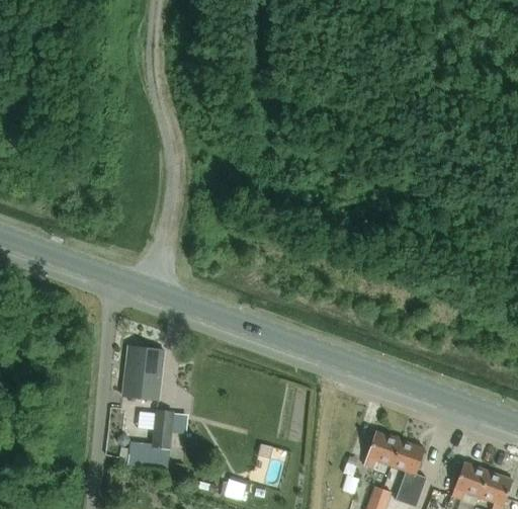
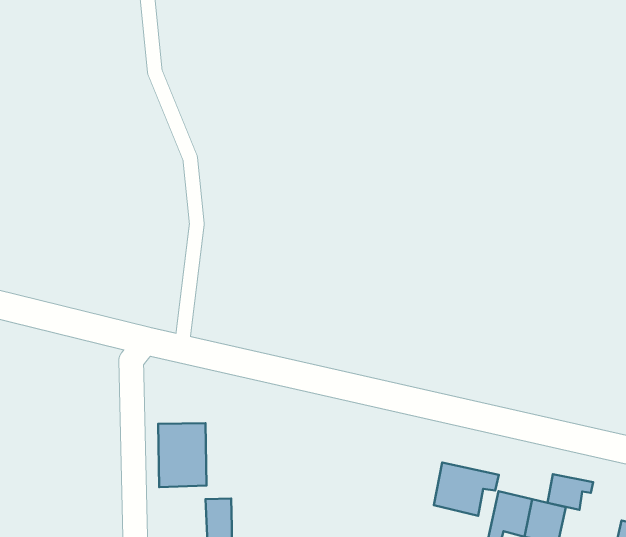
building: none -> [434,463,499,516]
building: none -> [547,474,593,510]

